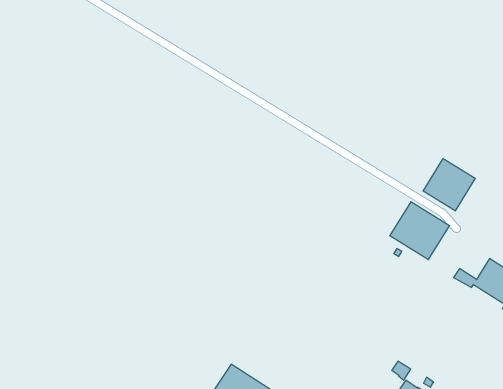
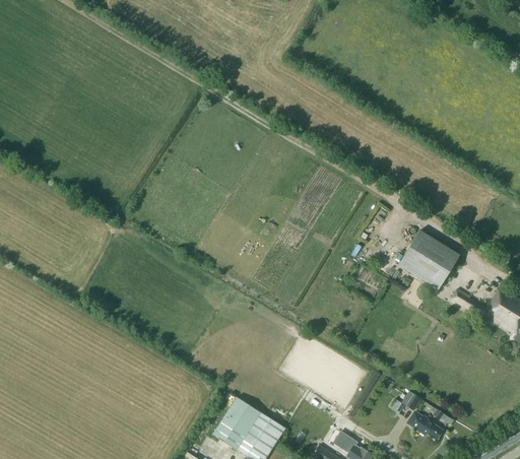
building: [423,159,475,211] -> none

